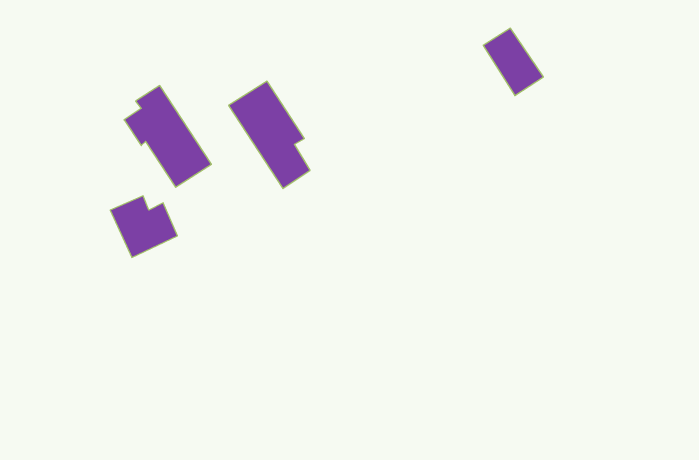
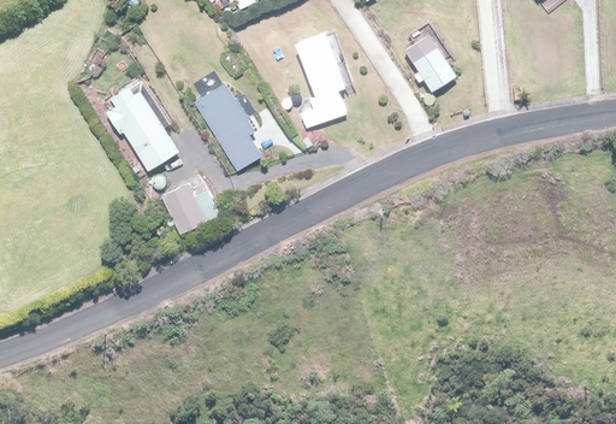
building: none -> [297,34,348,126]
building: [110,196,177,257] -> [161,183,218,235]

